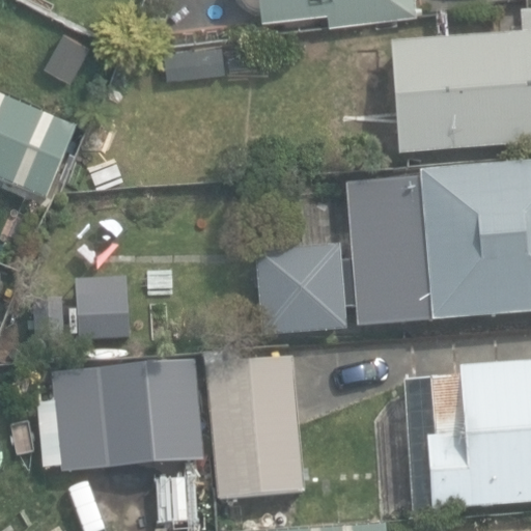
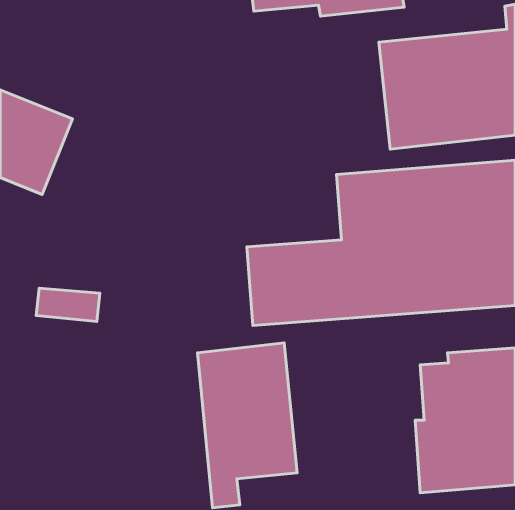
building: [97,370,206,463] -> none

